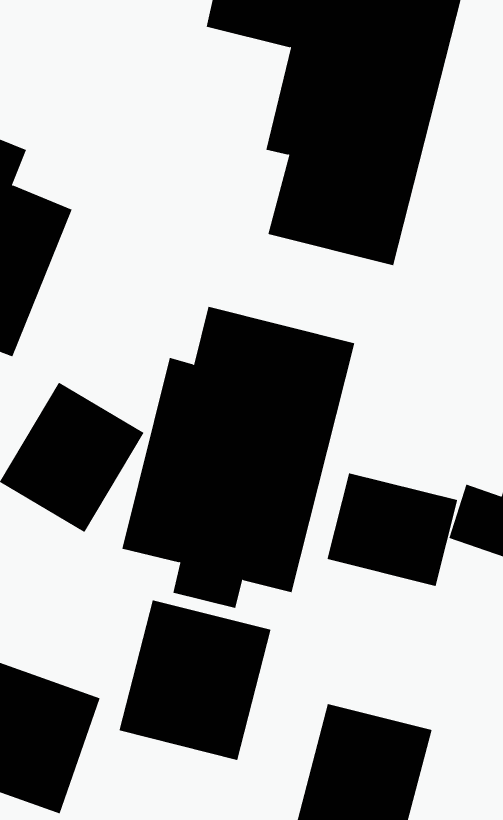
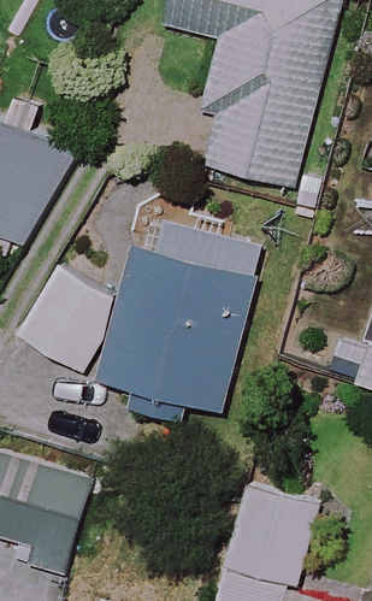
building: [327,472,458,587] -> none
building: [119,600,271,761] -> none

